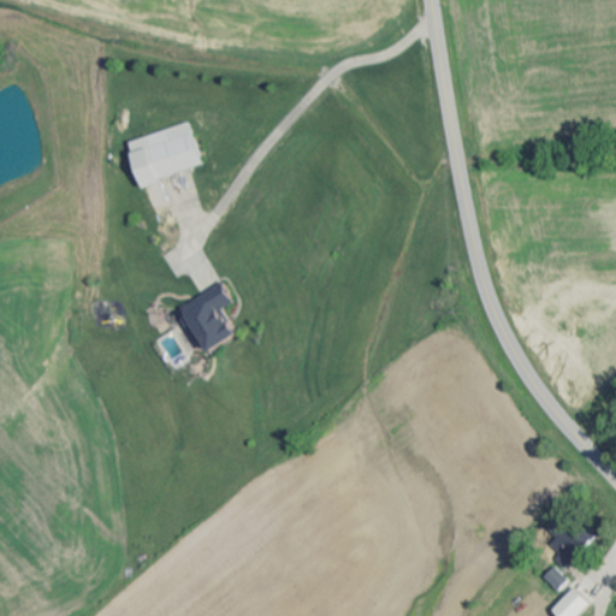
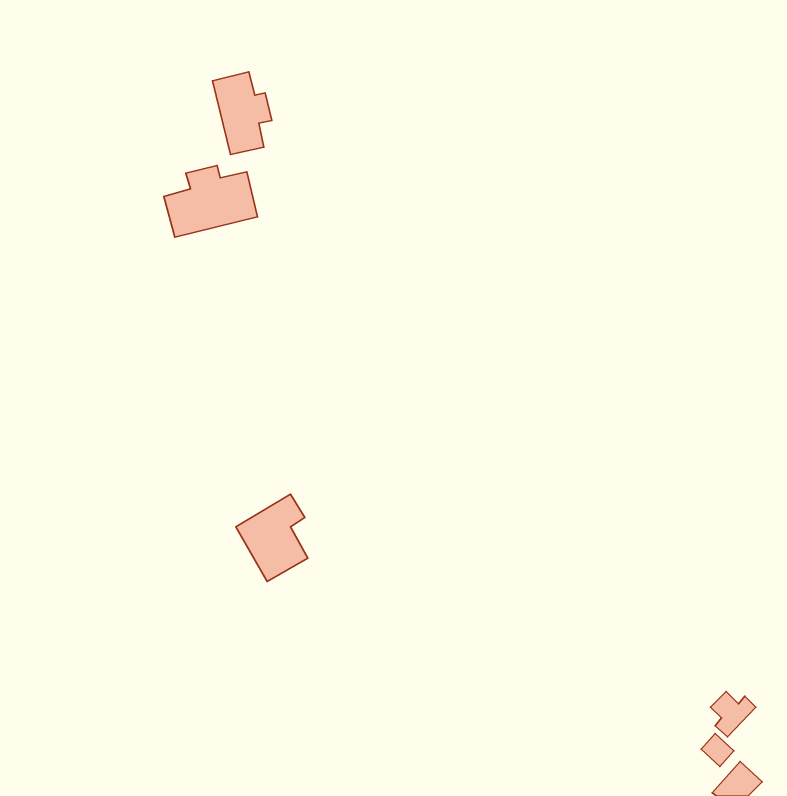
building: none -> [212,72,272,154]
building: [178,284,233,351] -> [236,494,308,581]

